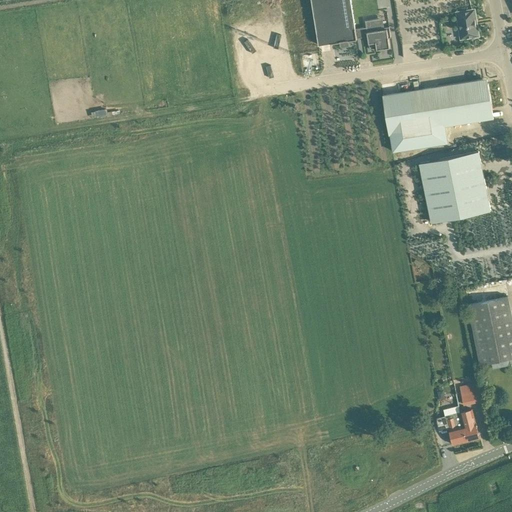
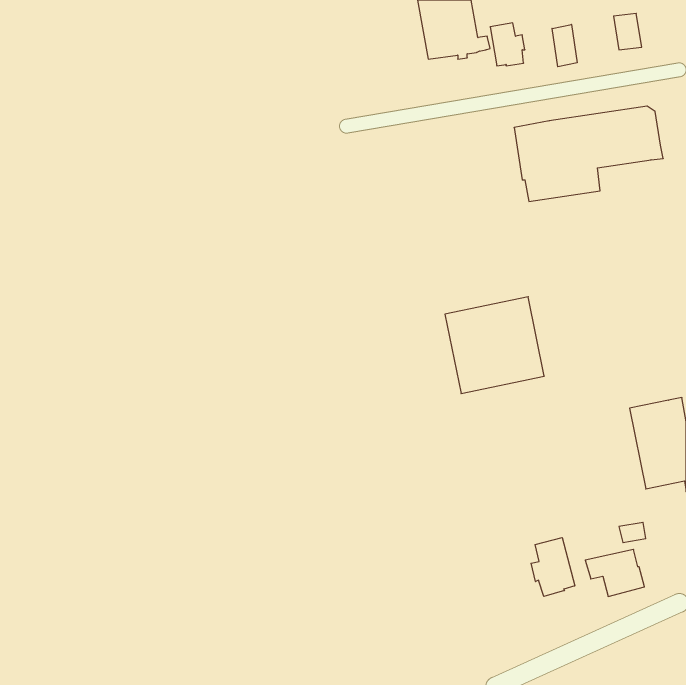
building: none -> [552,24,577,67]
building: [416,151,490,223] -> [445,297,544,394]
building: none -> [531,538,575,596]

